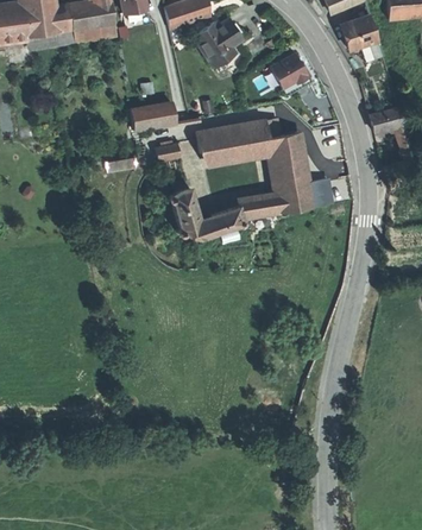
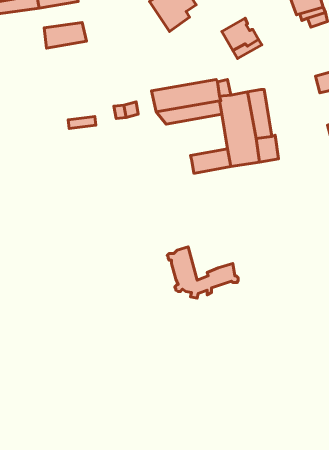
building: [130,103,175,131] -> [44,22,87,48]
building: [168,188,244,242] -> [167,247,238,298]

